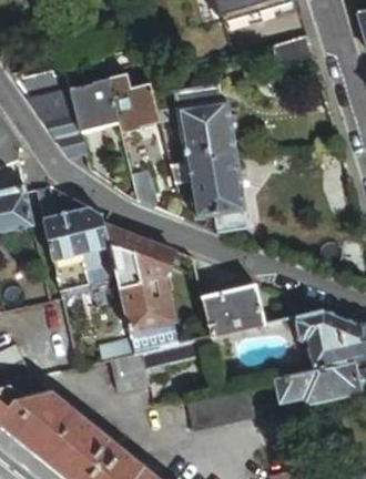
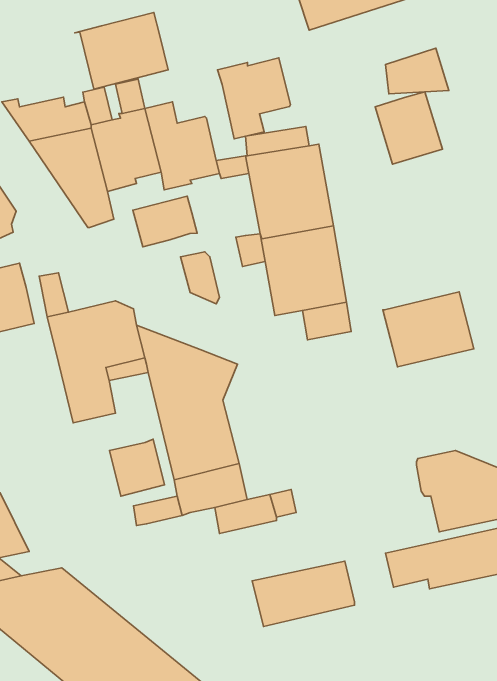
building: none -> [75,13,168,89]
building: none -> [218,58,290,139]
building: none -> [375,92,443,164]
building: none -> [133,196,197,247]
building: [202,285,264,336] -> [383,292,474,367]
building: [110,353,148,391] -> [109,439,165,496]

